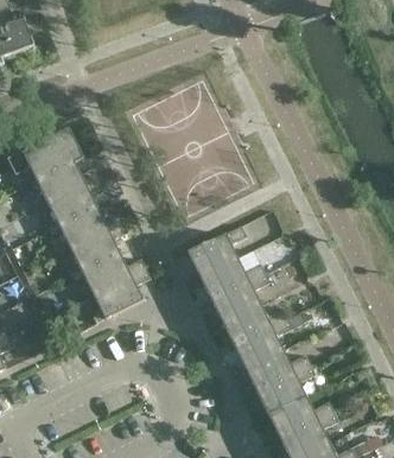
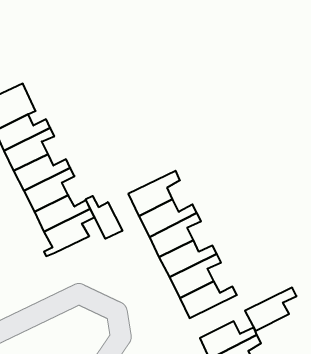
building: none -> [86,196,122,239]
building: [254,365,312,414] -> [245,288,297,331]

